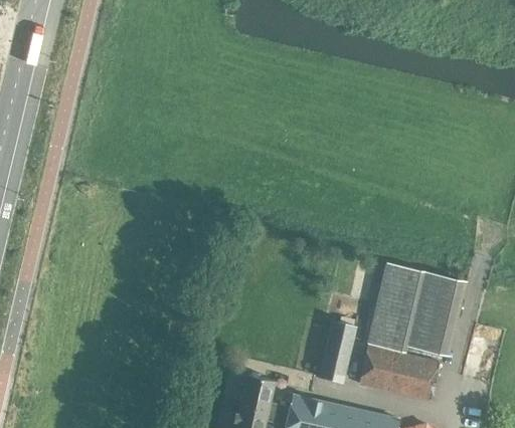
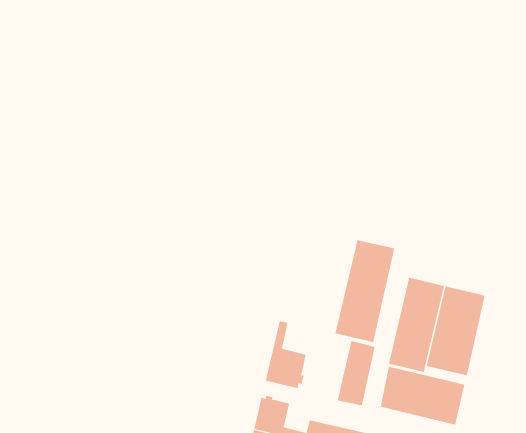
building: none -> [335,239,395,343]
building: none -> [265,320,306,389]

